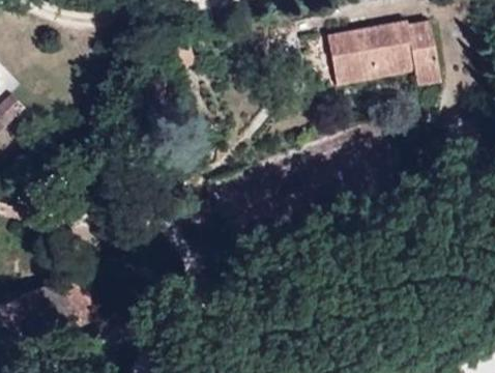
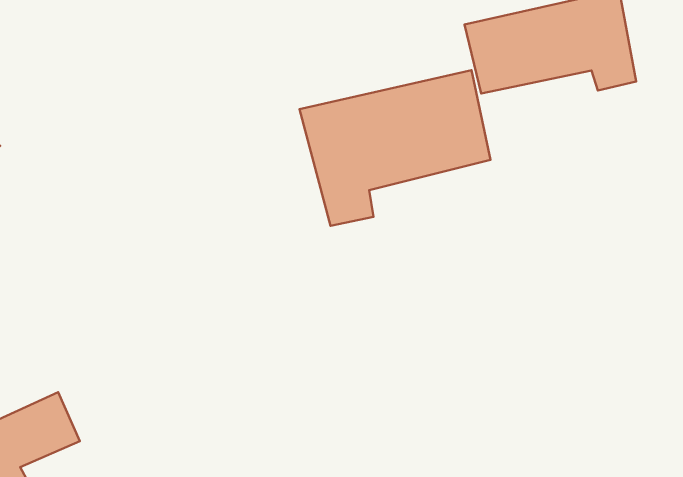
building: none -> [299,70,491,226]

